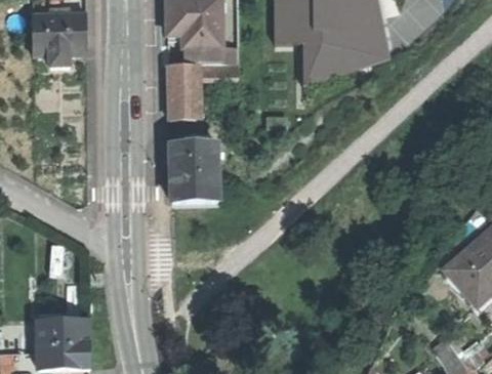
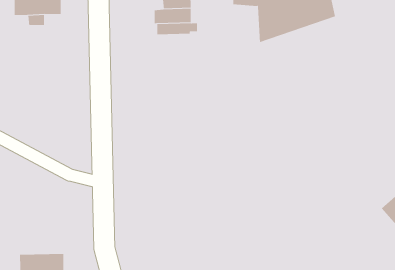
building: [168,64,192,119] -> none
building: [168,144,216,202] -> none

